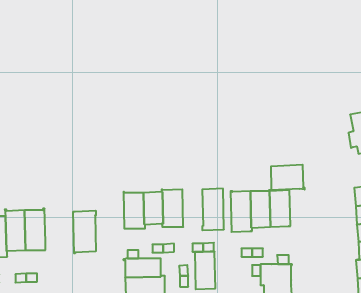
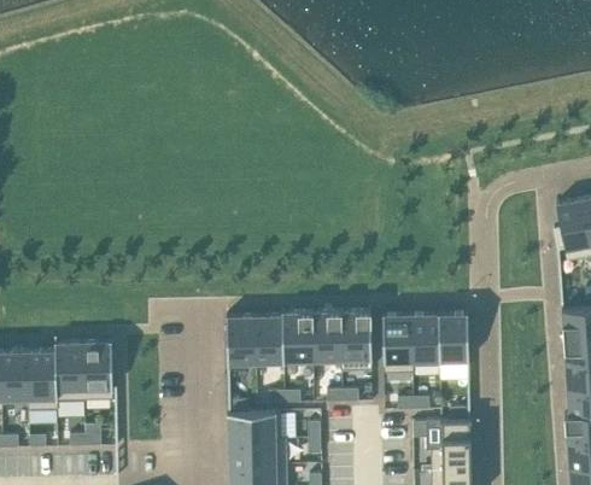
building: [271,165,305,190] -> none
building: [73,211,96,253] -> none
building: [195,252,215,289] -> [312,312,343,367]

